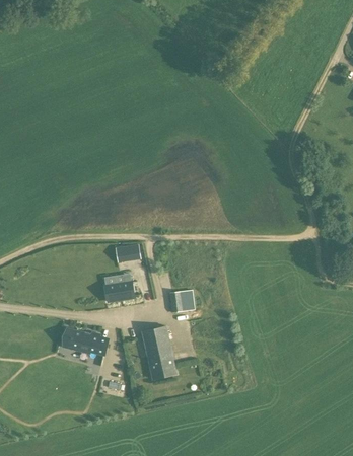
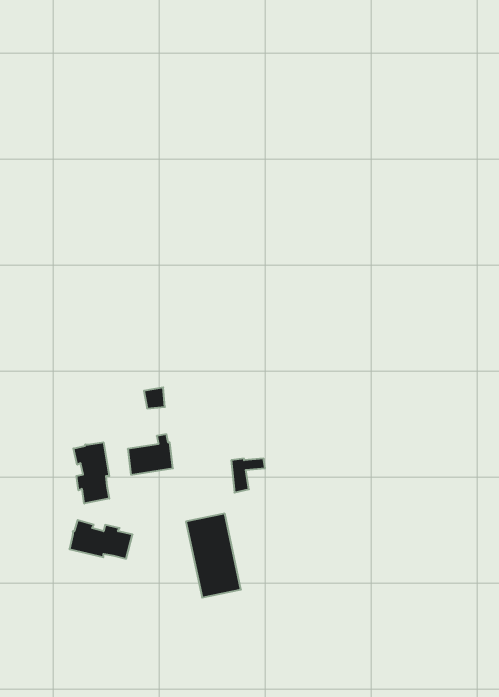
building: none -> [73,442,109,504]

